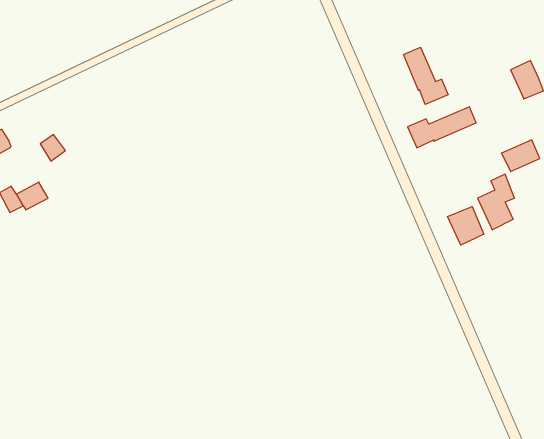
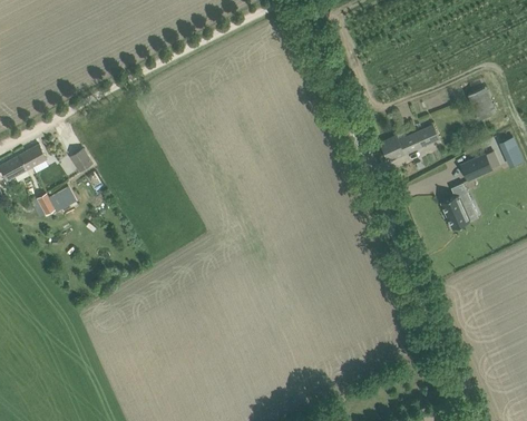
building: [403,47,448,104] -> none
building: [448,207,484,245] -> none

